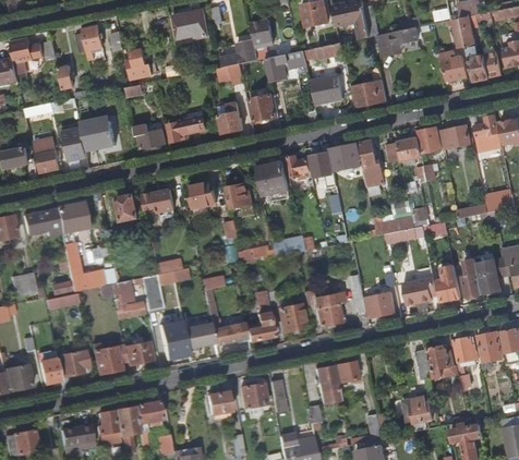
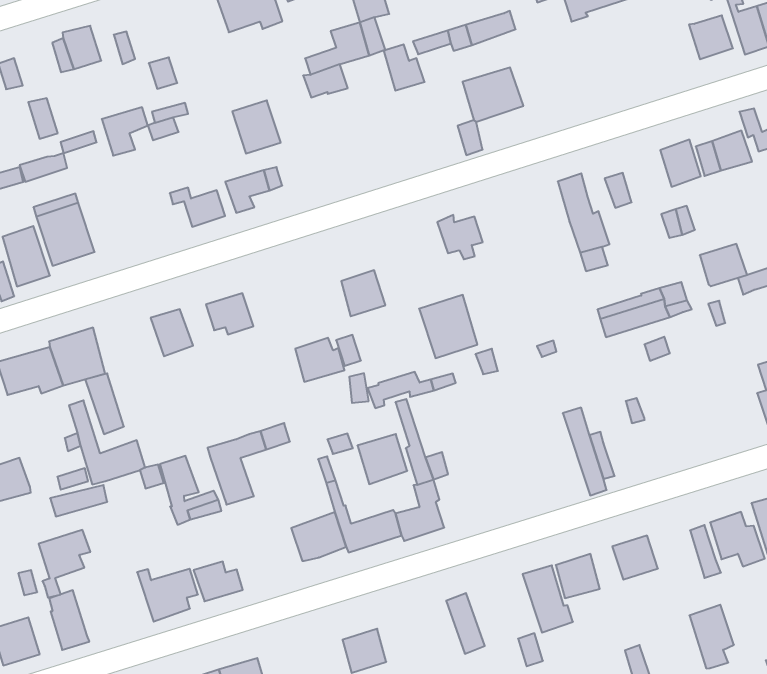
building: [351,66,386,106] -> none
building: [250,94,277,121] -> none
building: [217,104,243,133] -> [232,100,281,154]
building: [84,116,110,142] -> [102,107,148,156]
building: [397,137,423,160] -> [700,244,747,286]
building: [340,143,363,170] -> none
building: [311,152,335,177] -> none
building: [256,160,288,195] -> [419,295,477,358]
building: [190,182,217,206] -> [295,338,345,382]
building: [437,265,460,301] -> none
building: [403,279,432,305] -> none
building: [370,292,395,316] -> [612,536,658,580]
building: [314,293,345,326] -> none
building: [279,304,306,331] -> [357,434,407,484]
building: [158,319,190,359] -> none
building: [60,350,89,387] -> [39,530,90,598]
building: [240,380,267,413] -> none

